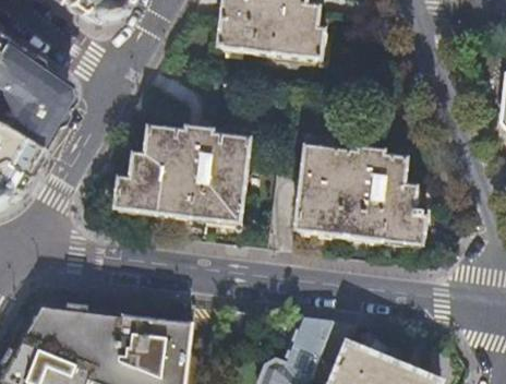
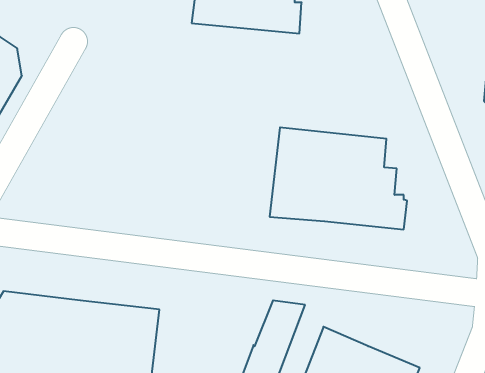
building: [118,131,252,227] -> none

